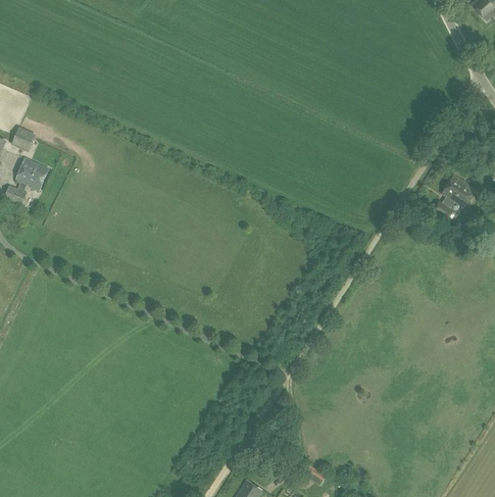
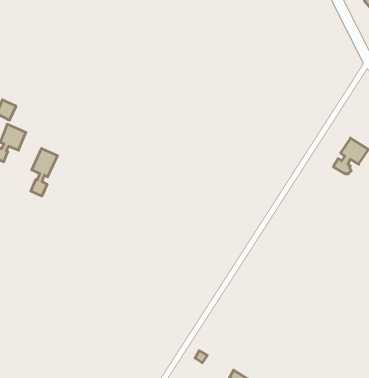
building: none -> [31,148,57,196]

